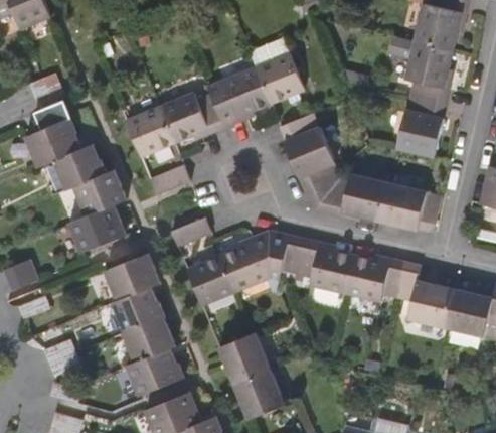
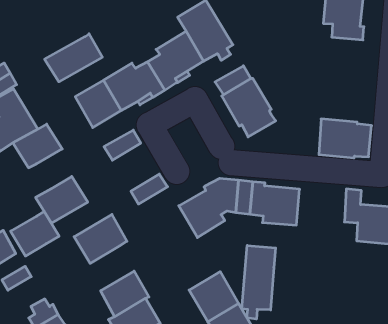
building: none -> [45,34,102,82]
building: [395,96,445,156] -> none
building: [73,170,125,215] -> [11,211,59,256]
building: [306,173,387,221] -> none
building: [186,254,235,304] -> none
building: [344,255,403,302] -> none
building: [111,288,162,333] -> none
building: none -> [242,245,276,319]

